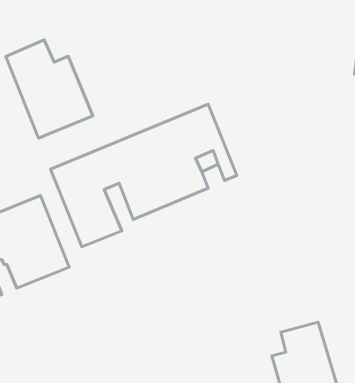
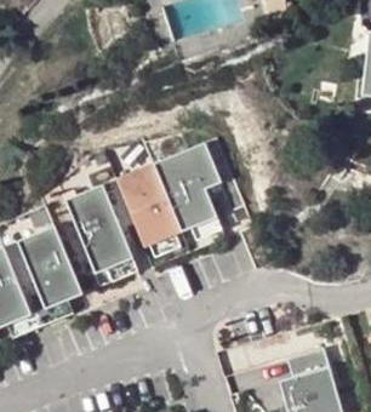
building: [6,40,93,138] -> none

